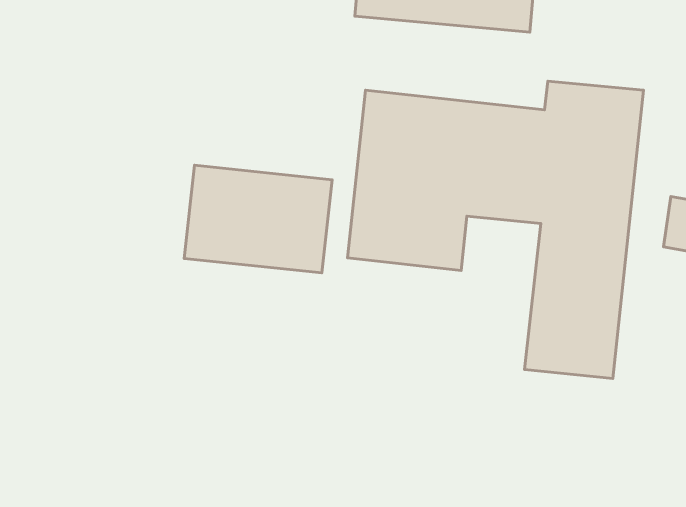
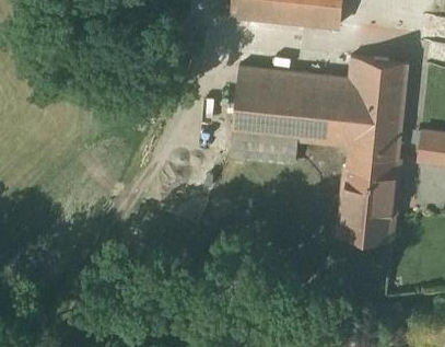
building: [184,165,332,273] -> none

